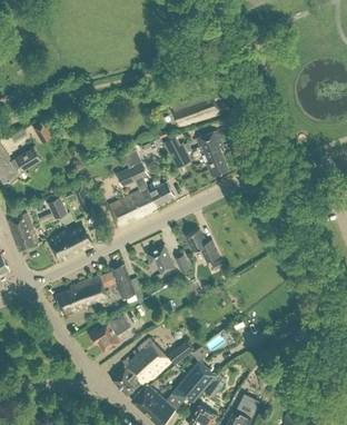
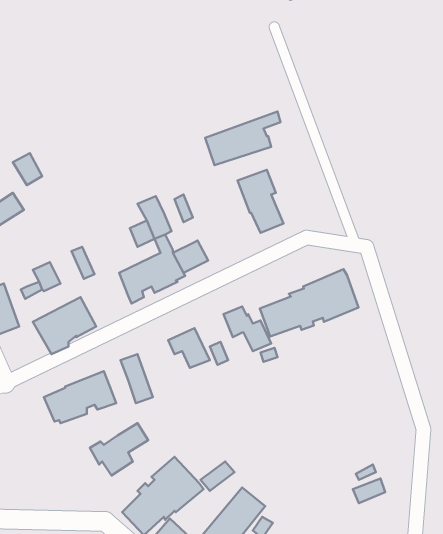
building: [165,136,192,168] -> none
building: none -> [260,269,358,336]

